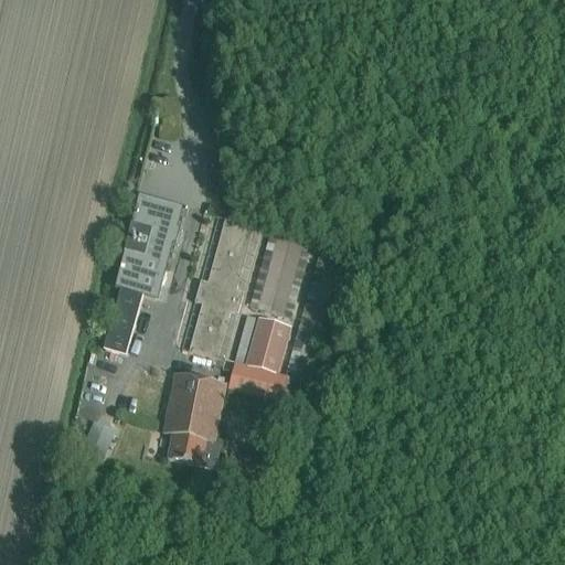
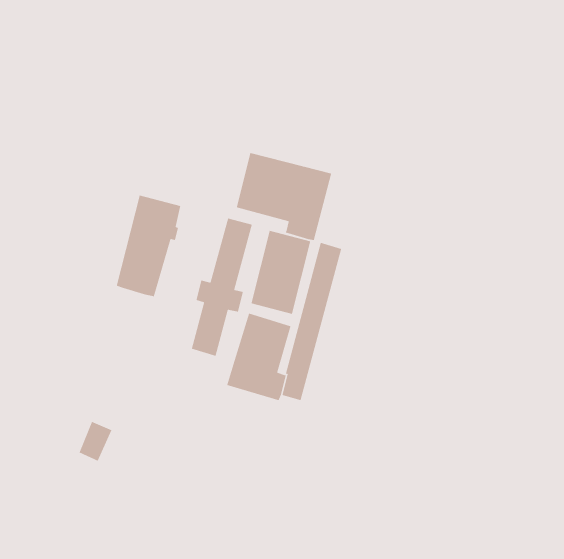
building: none -> [236,152,332,241]
building: [106,288,143,353] -> none
building: [163,373,226,467] -> none

